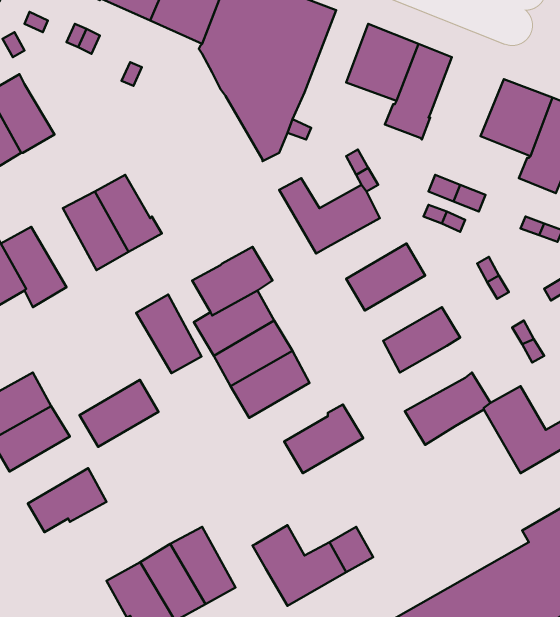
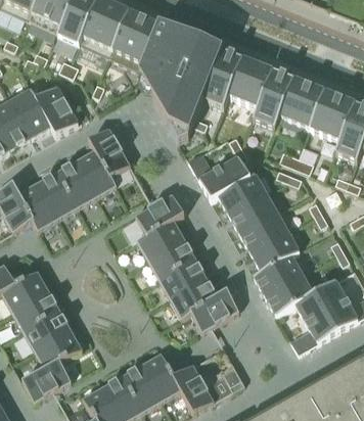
building: none -> [203,50,242,106]
building: none -> [280,78,325,126]
building: none -> [33,81,79,135]
building: none -> [88,127,131,176]
building: none -> [218,173,266,213]
building: none -> [240,208,292,250]
building: [136,294,202,373] -> [37,170,77,218]
building: none -> [254,253,302,293]
building: [80,380,158,447] -> [24,309,72,349]
building: none -> [170,276,218,317]
building: none -> [291,292,335,352]
building: none -> [141,353,180,401]
building: none -> [22,359,72,402]

